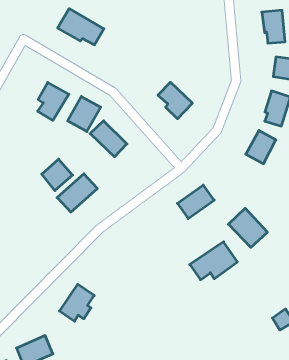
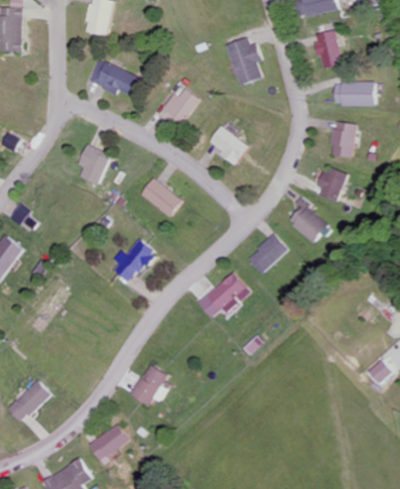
building: none -> [225,37,262,86]
building: none -> [161,89,199,124]
building: [68,96,101,132] -> none
building: [42,159,73,191] -> none
building: [228,208,267,247] -> [284,201,328,243]
building: [190,242,237,280] -> [196,273,249,319]

